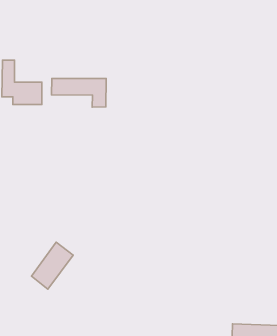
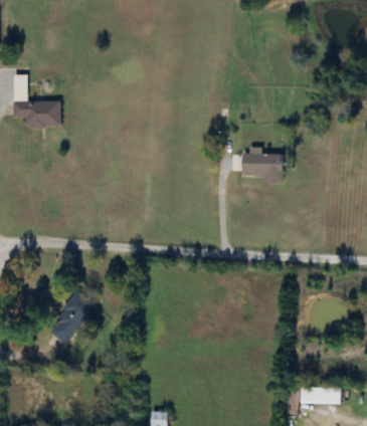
building: [51,79,106,107] -> none
building: none -> [241,152,281,181]

